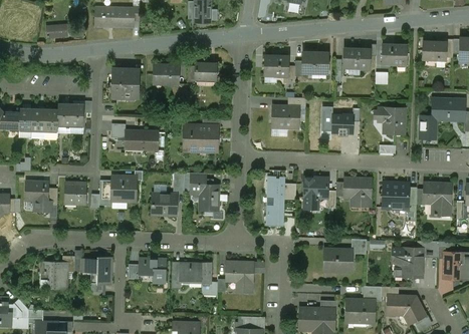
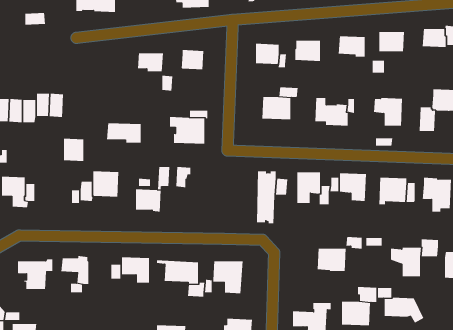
building: [110,69,140,98] -> none
building: [65,183,85,205] -> [63,138,84,161]
building: [200,185,218,211] -> none

